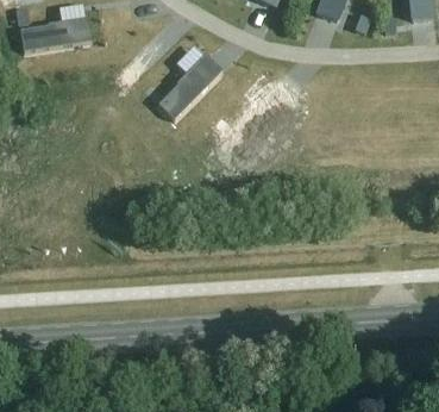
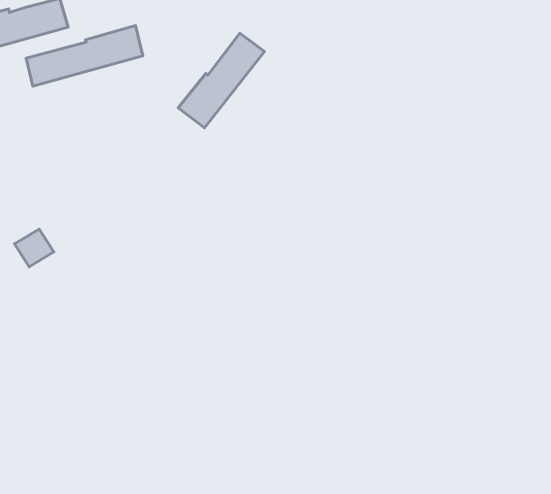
building: none -> [26,26,143,86]

